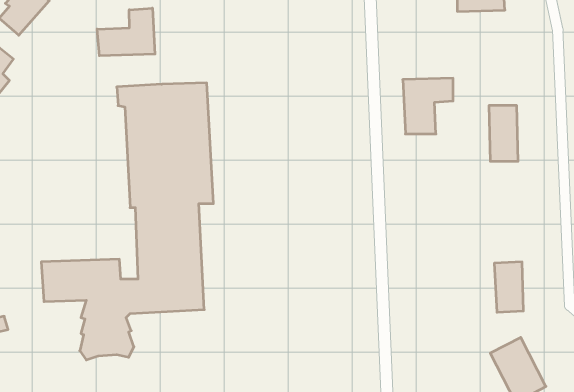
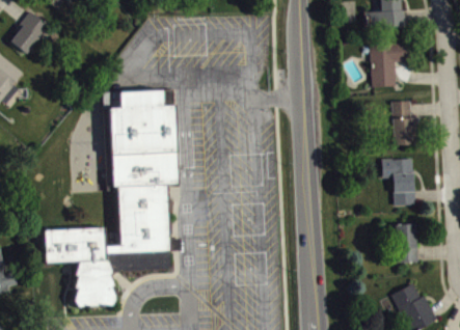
building: [97,8,155,56] -> none
building: [403,78,453,134] -> [372,47,411,90]
building: none -> [384,162,416,210]

